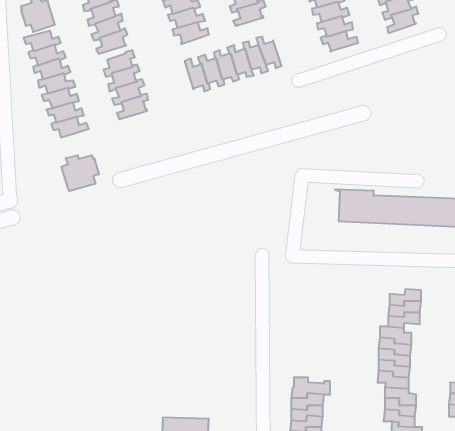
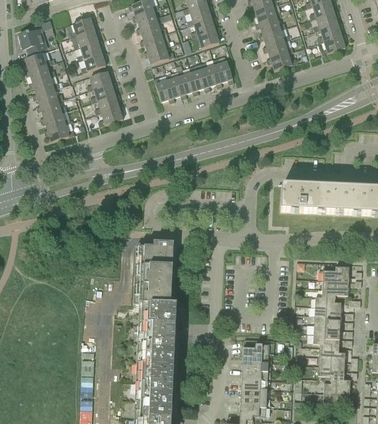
building: [61,155,99,191] -> none
building: none -> [133,241,184,372]

